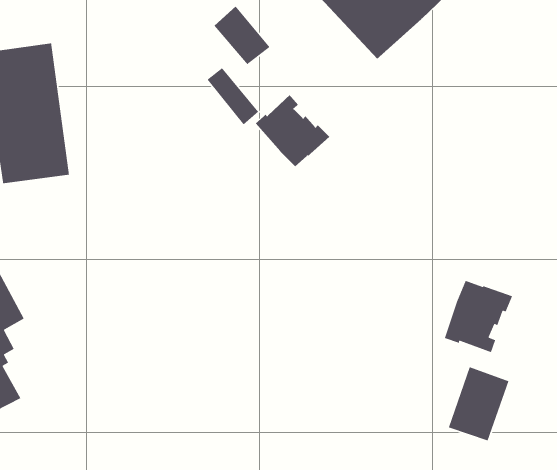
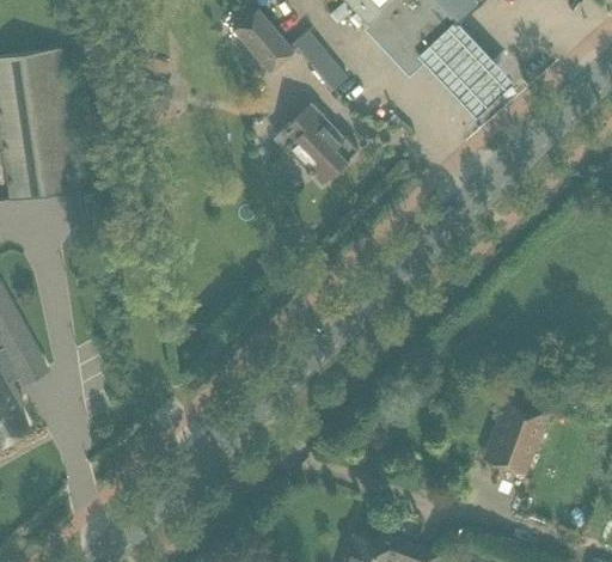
building: none -> [417,24,513,122]
building: [207,67,259,125] -> [294,26,350,88]
building: [444,280,513,353] -> none

